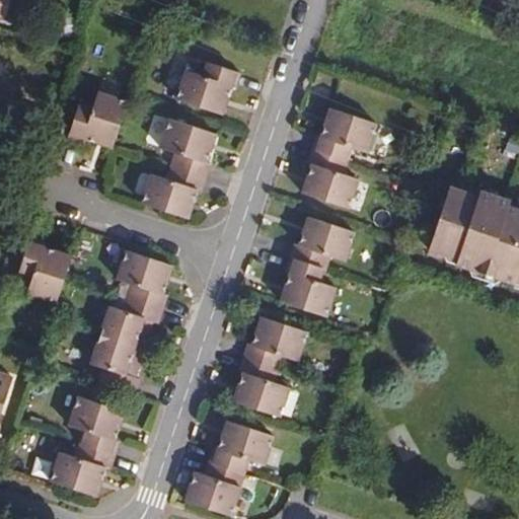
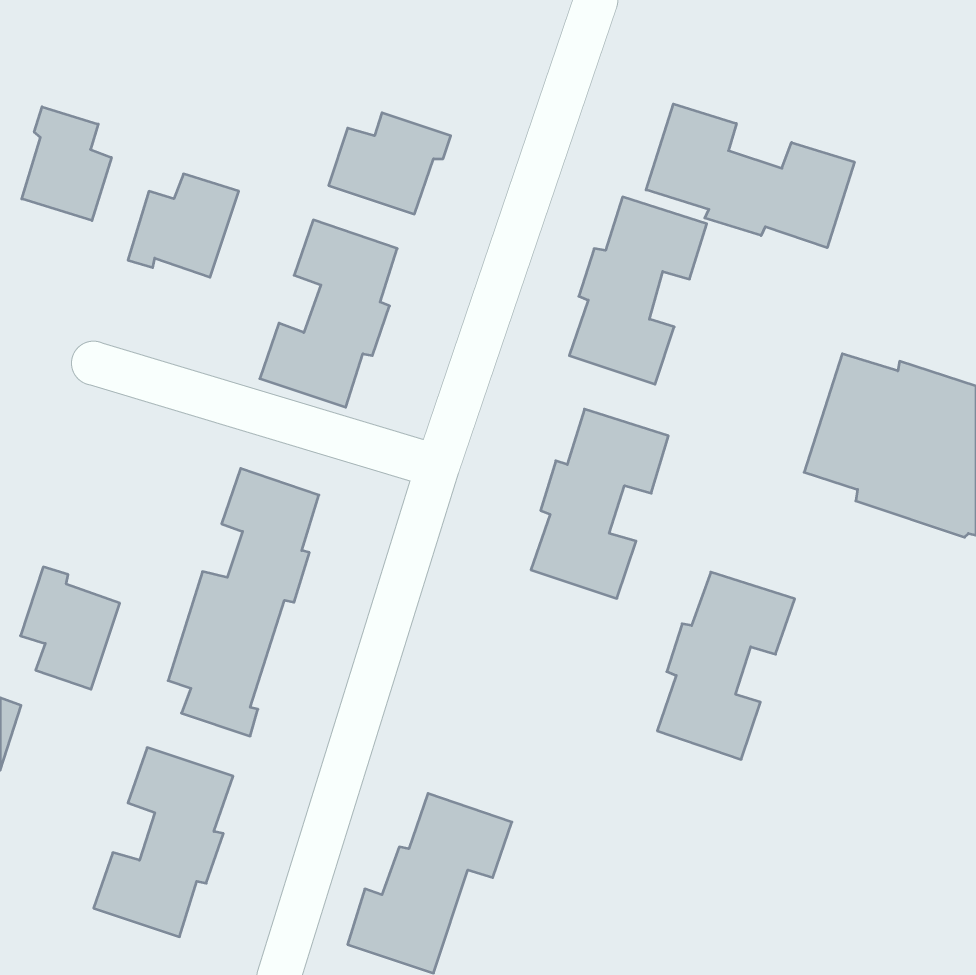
building: none -> [646,104,854,248]
building: none -> [22,107,111,221]
building: [18,238,71,303] -> [20,567,120,689]
building: [233,317,306,417] -> [657,572,795,759]

